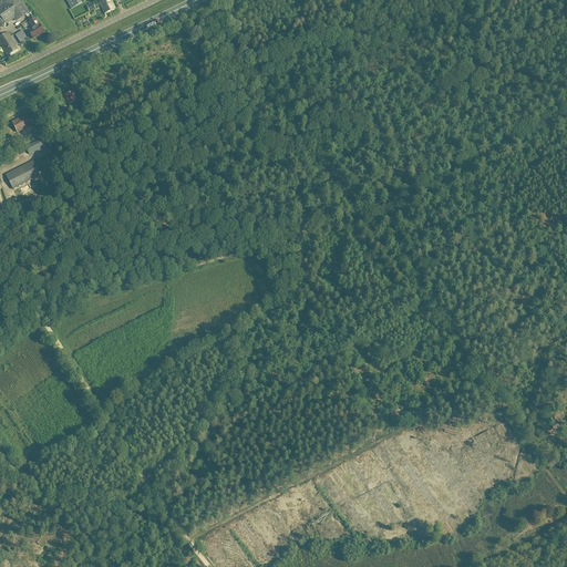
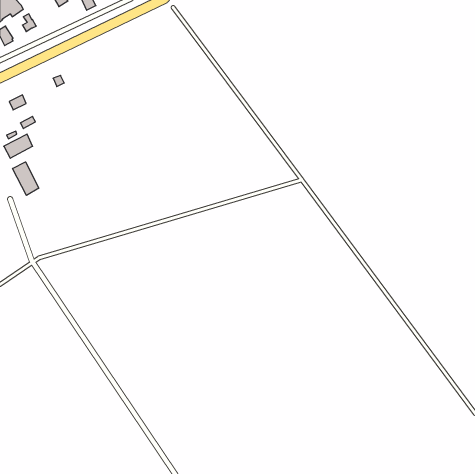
building: none -> [13,162,39,195]

